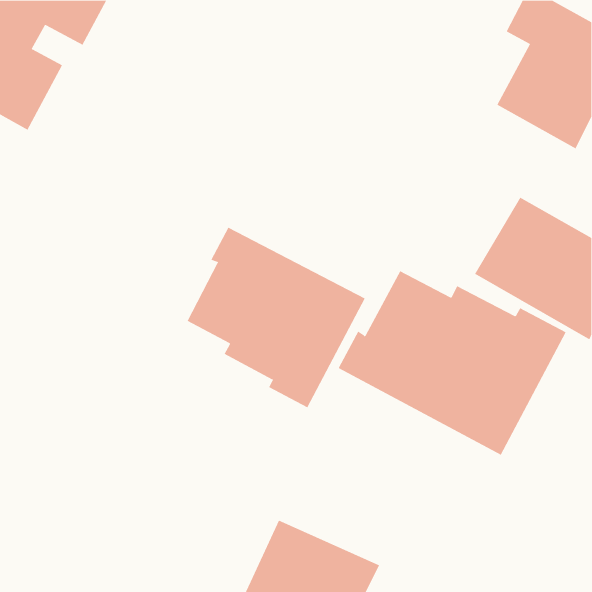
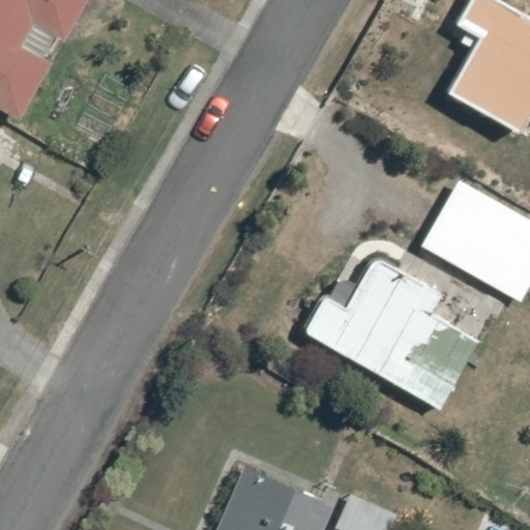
building: [187,227,366,408] -> none

